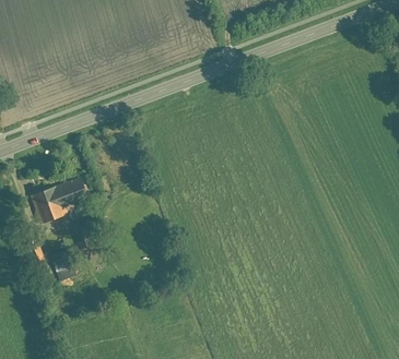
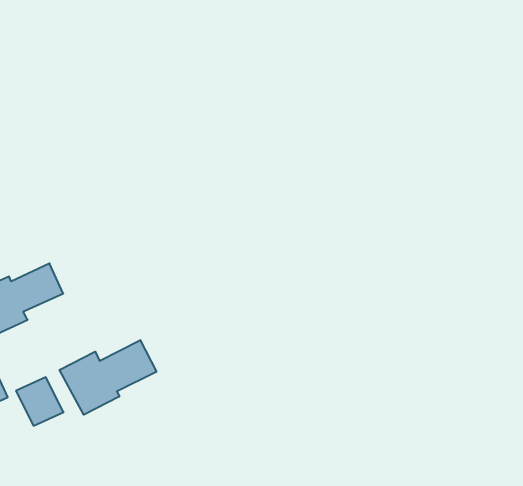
building: none -> [60,340,156,415]

